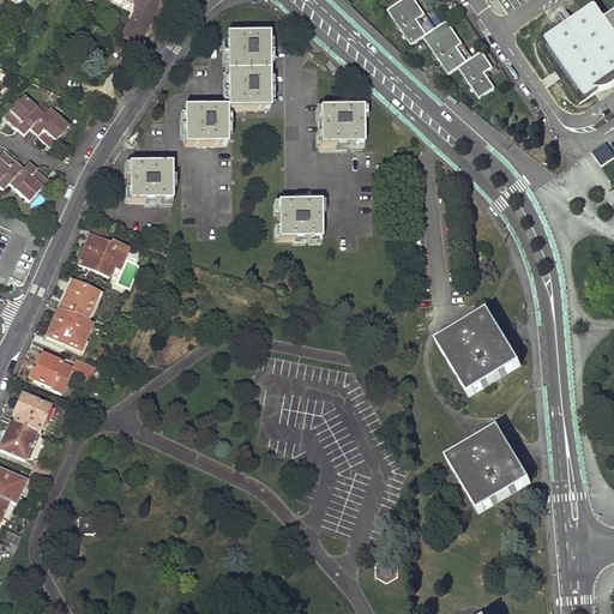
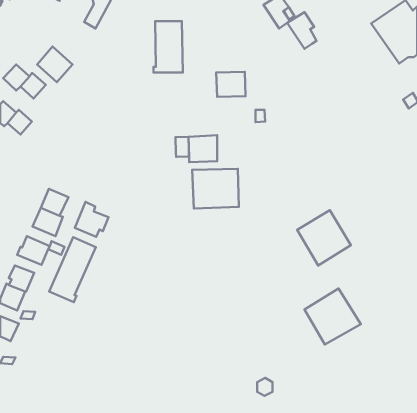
building: [458,49,494,95] -> none
building: none -> [37,47,73,82]
building: [182,106,227,143] -> none
building: [127,161,171,199] -> none
building: none -> [175,137,189,157]
building: [79,223,128,275] -> [75,202,108,237]
building: none -> [192,169,239,208]
building: none -> [49,237,96,302]

